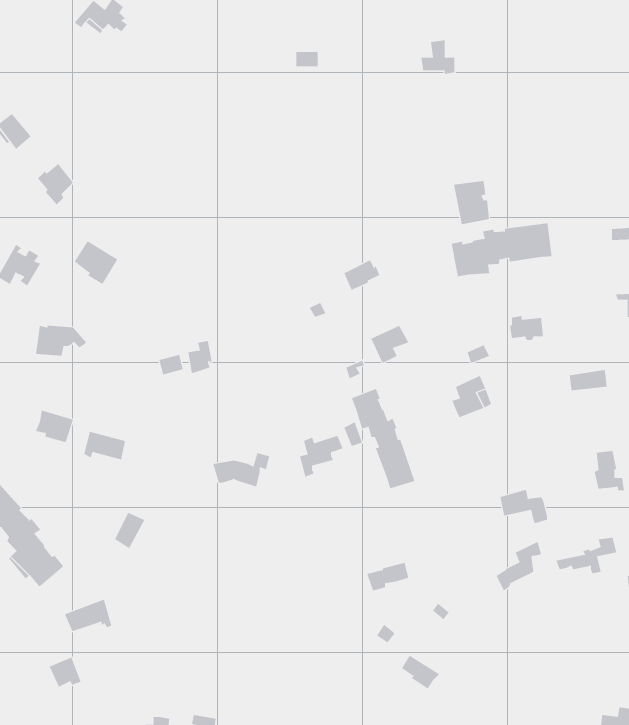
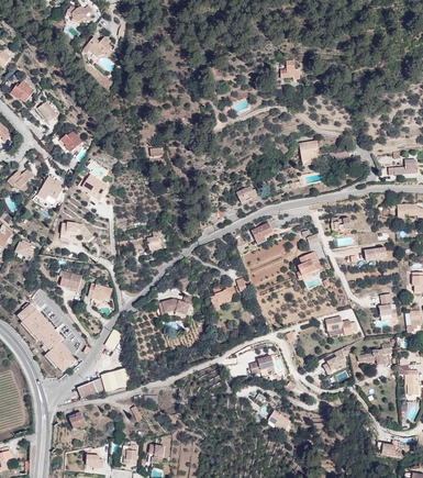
building: [451,222,552,277] -> none
building: [351,388,415,489] -> none
building: none -> [101,367,133,392]

